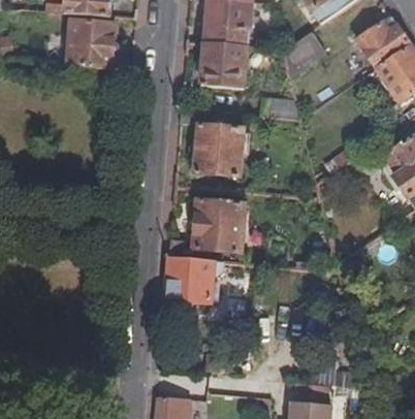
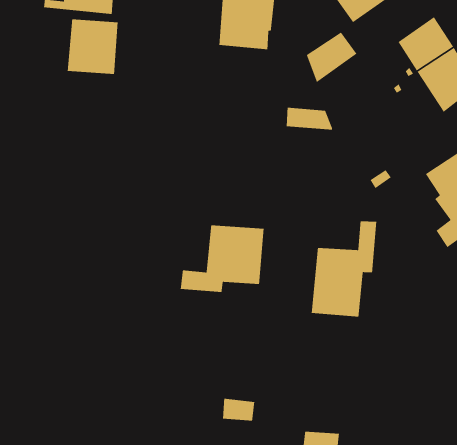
building: [200,43,247,90] -> none
building: [181,108,246,176] -> none
building: none -> [311,221,377,317]
building: [166,257,226,304] -> none

